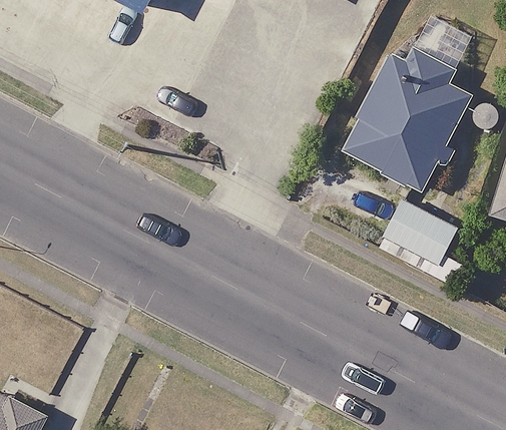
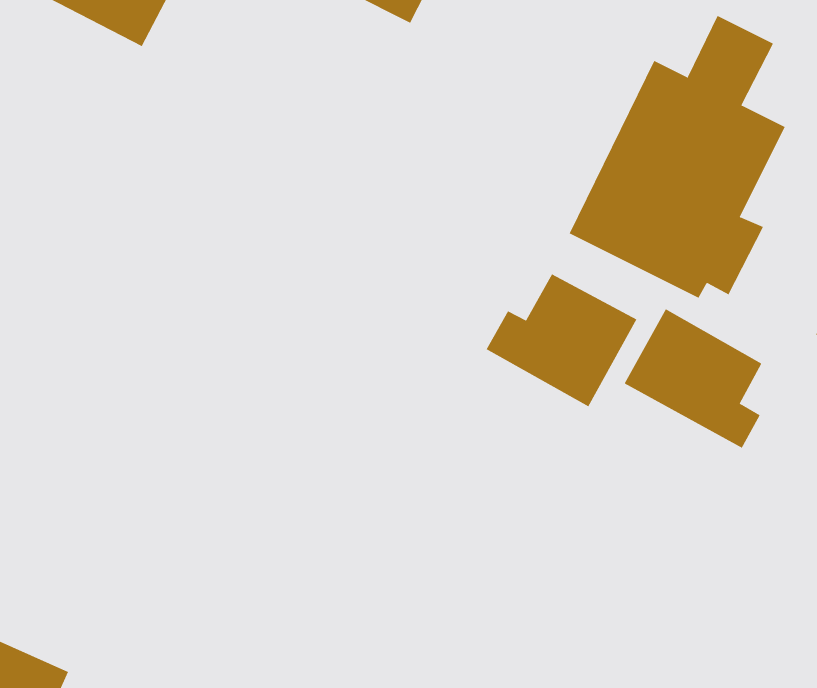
building: none -> [486,273,637,407]

